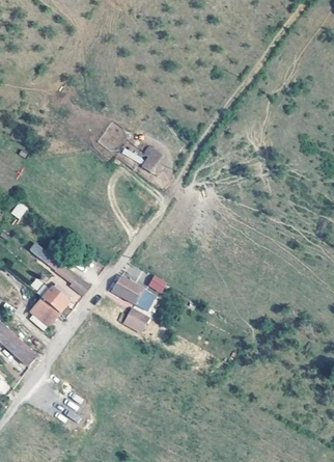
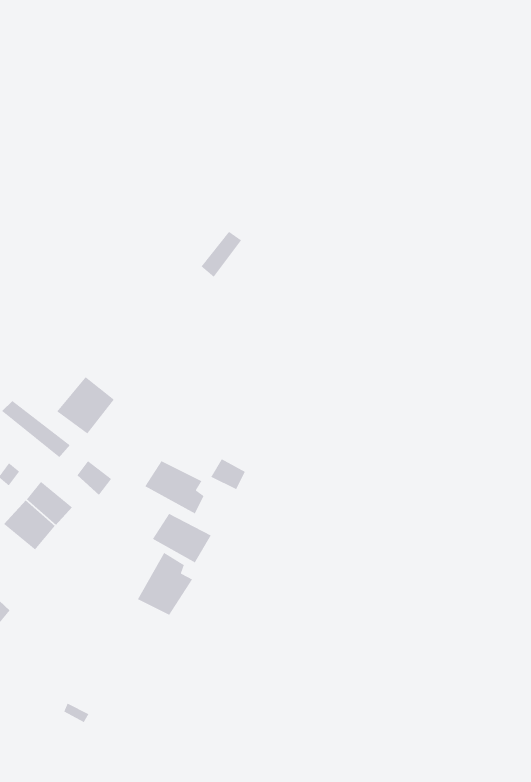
building: none -> [56,376,115,435]
building: none -> [137,552,193,616]

